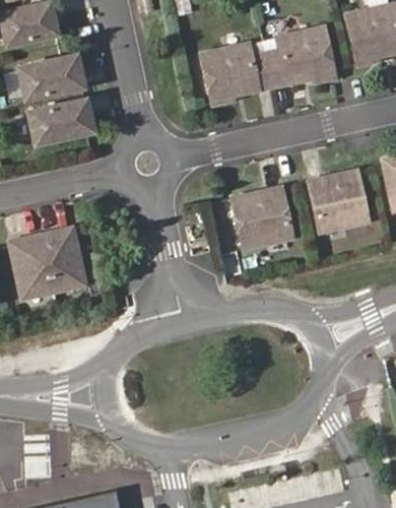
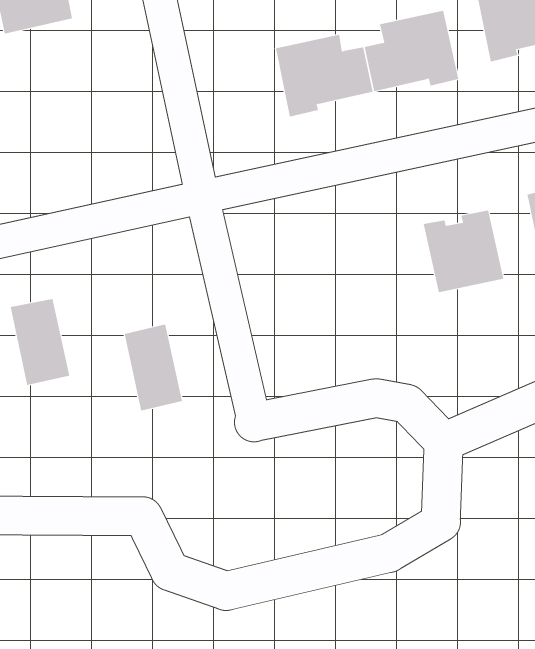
building: [18,56,83,100] -> none
building: [27,99,89,143] -> none
building: [234,188,292,248] -> none
building: [42,229,84,292] -> [124,324,183,411]

